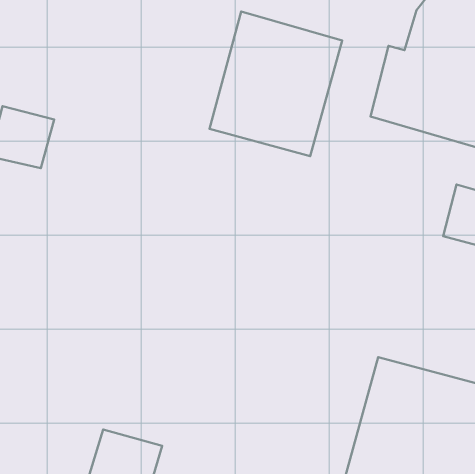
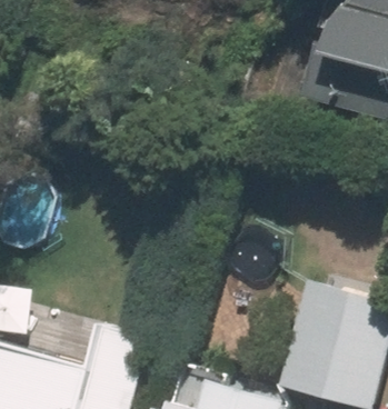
building: [209,11,342,156] -> none

